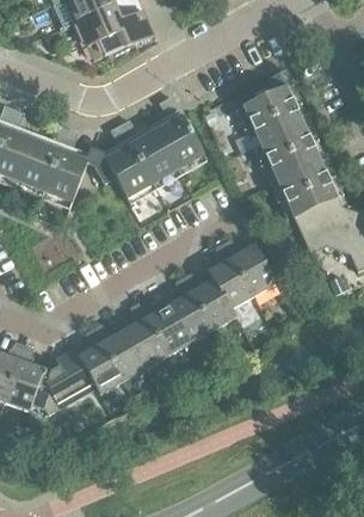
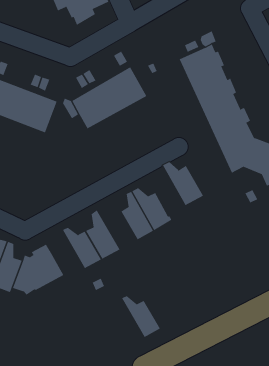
building: [206,244,252,309] -> none
building: [138,297,190,352] -> [121,295,161,338]
building: [78,327,122,390] -> none

